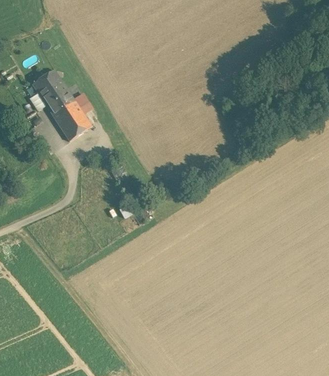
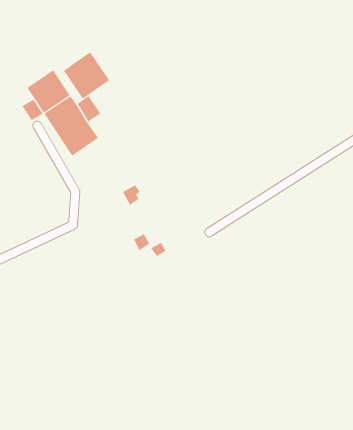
building: none -> [63,52,110,99]

